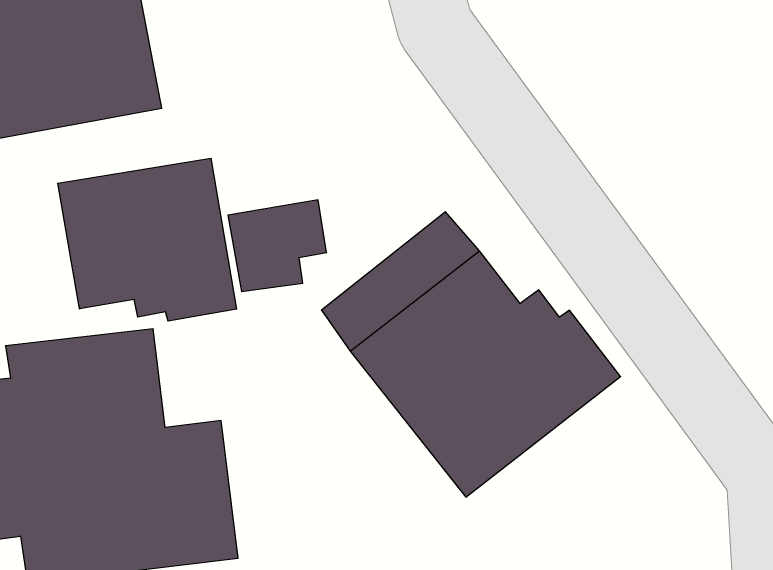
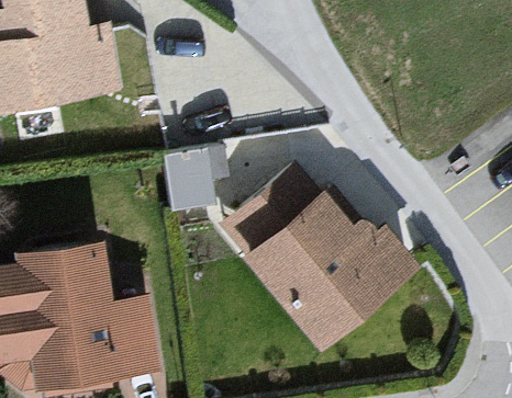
building: [58,158,237,321] -> none

